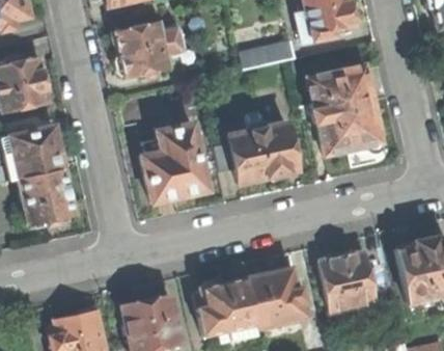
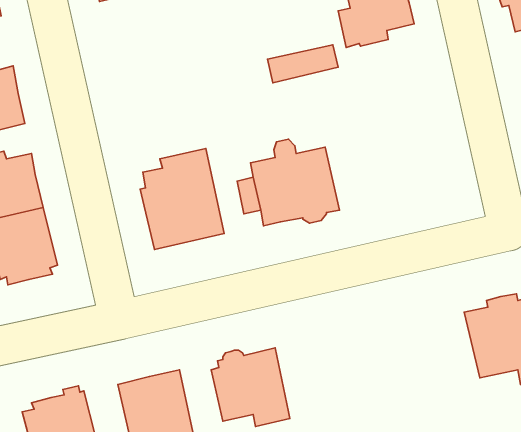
building: [114,21,182,76] -> none
building: [308,63,386,165] -> none
building: [321,253,377,316] -> none
building: [247,268,308,330] -> none

